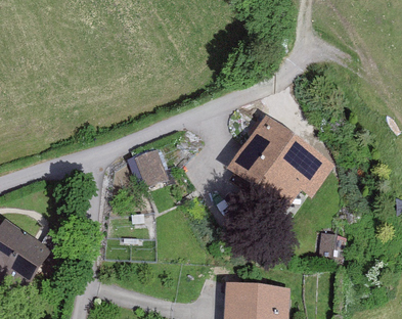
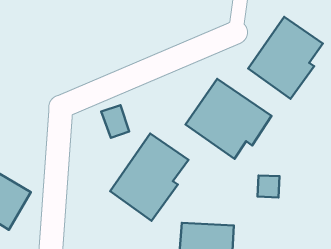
building: none -> [248,17,323,99]
building: none -> [110,134,188,221]

